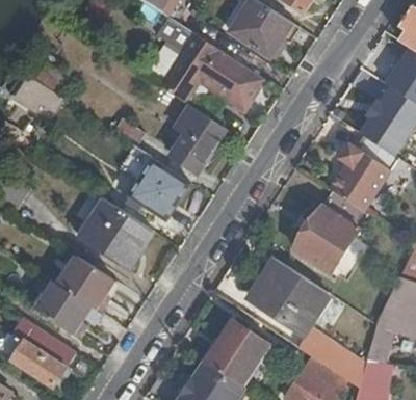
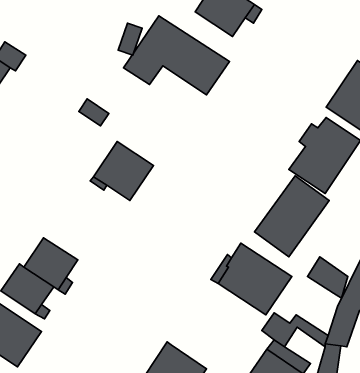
building: [170,106,225,172] -> none
building: [81,201,154,272] -> none
building: [207,324,269,388] -> none
building: [320,346,361,388] -> [307,257,348,298]

